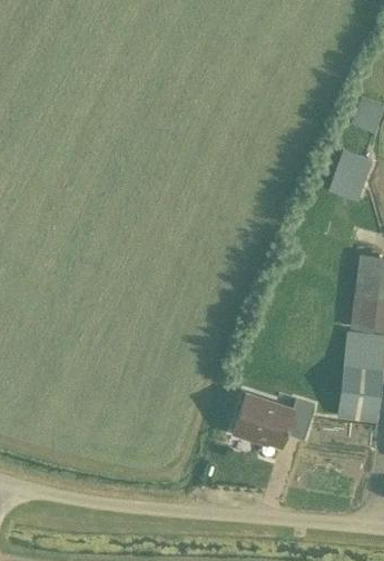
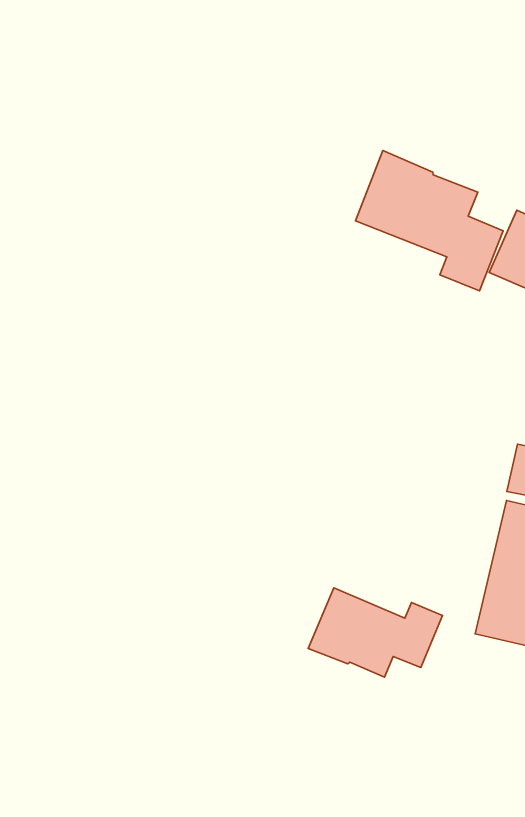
building: none -> [356,151,503,291]

